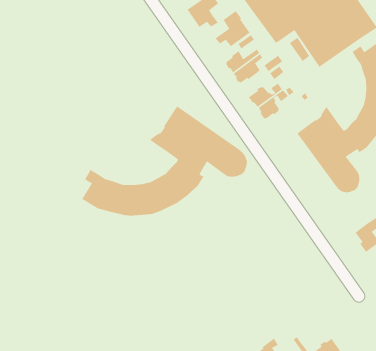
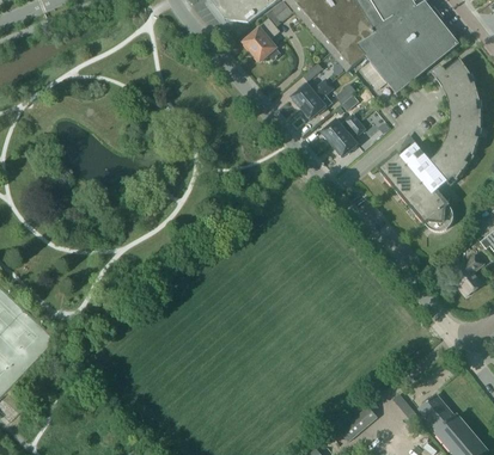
building: [215,10,250,47] -> none
building: [81,105,248,216] -> none

